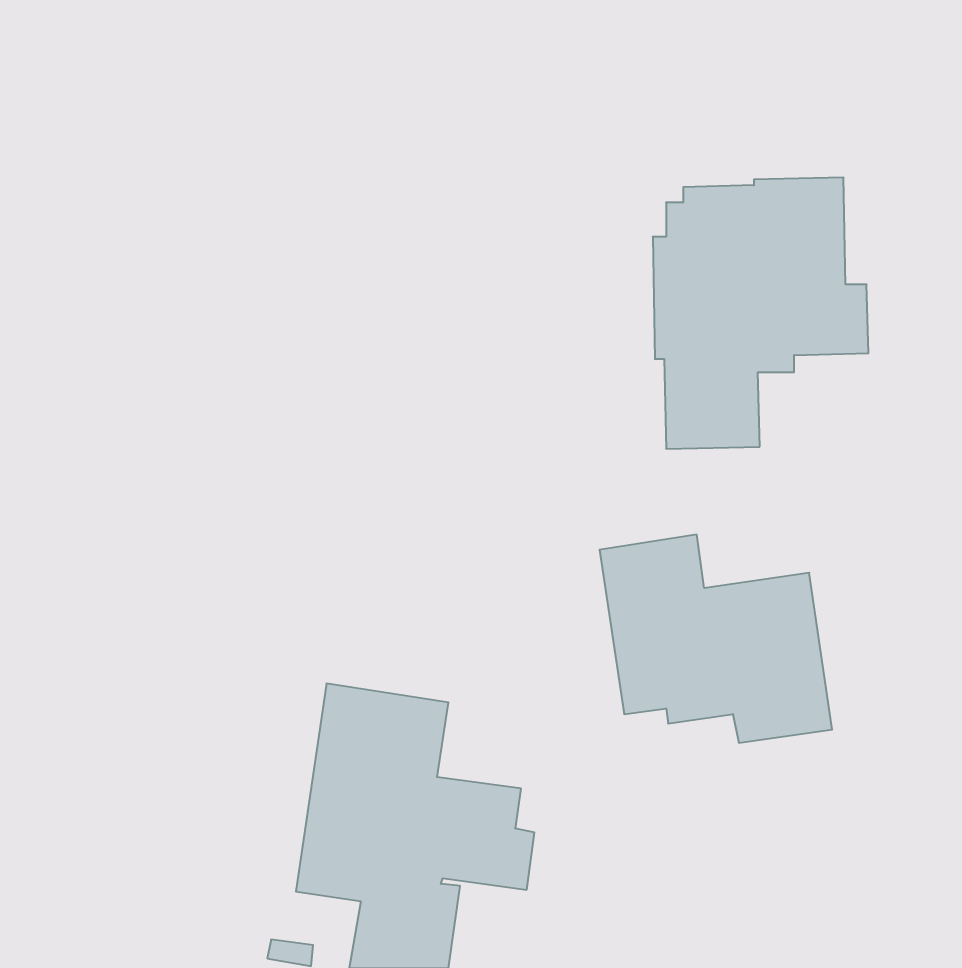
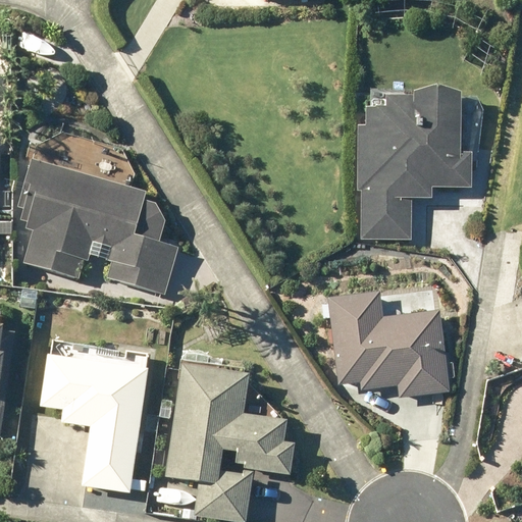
building: none -> [20,157,179,294]
building: none -> [37,356,147,494]

